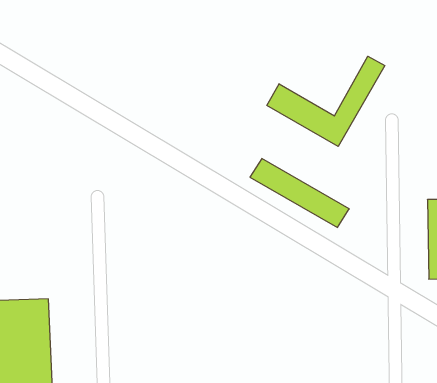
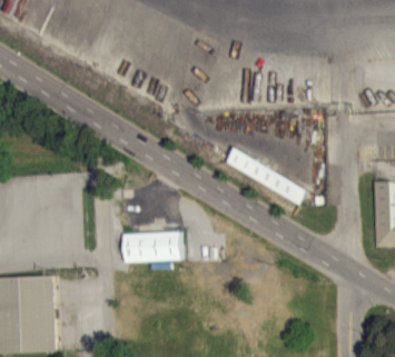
building: [267,56,385,146] -> none
building: none -> [121,231,178,262]

